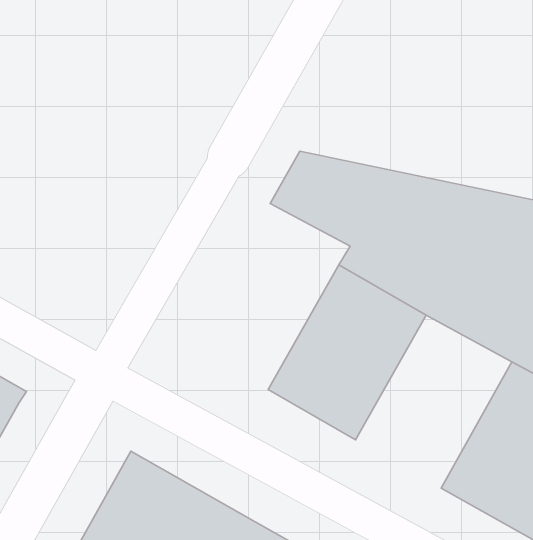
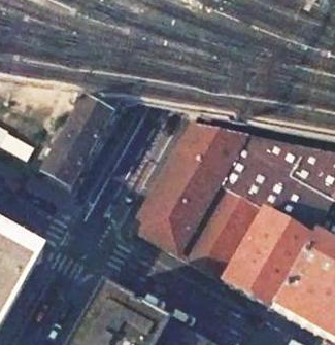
building: none -> [43,94,111,183]
building: none -> [133,147,222,250]
building: none -> [225,209,311,305]

